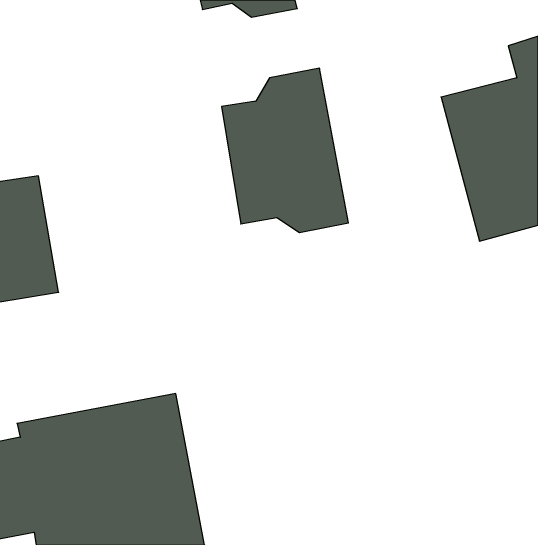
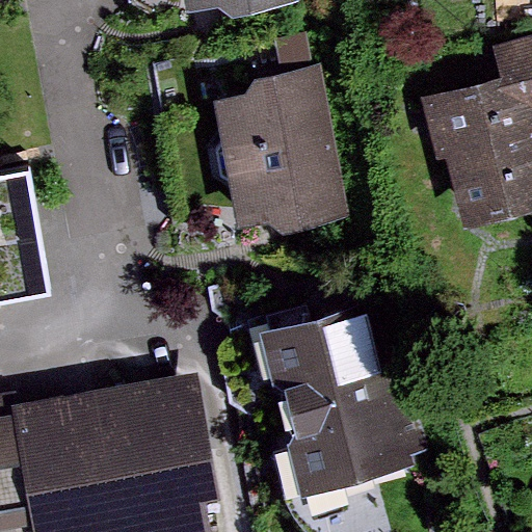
building: none -> [268,303,408,486]

